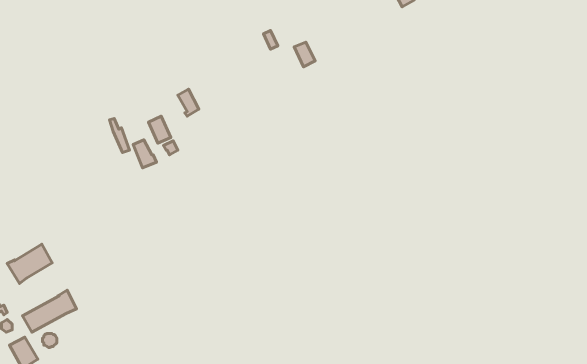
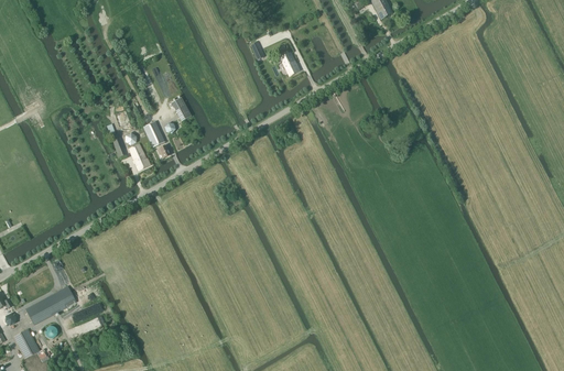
building: [7,244,52,284] -> none

